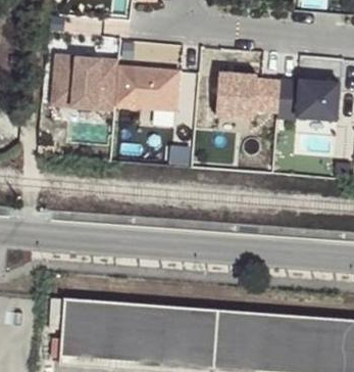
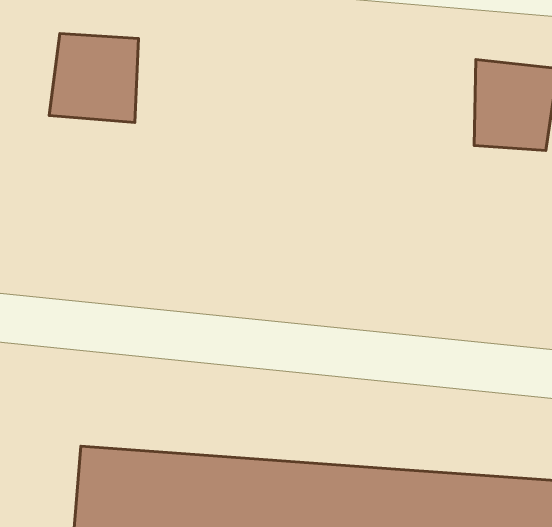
building: [111,64,183,117] -> none
building: [214,68,284,128] -> none

